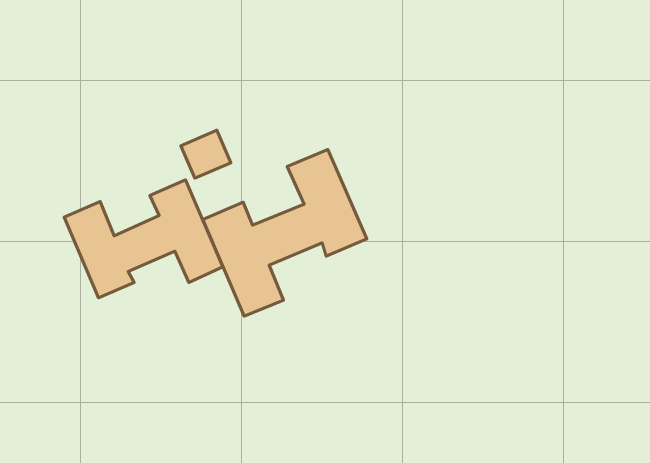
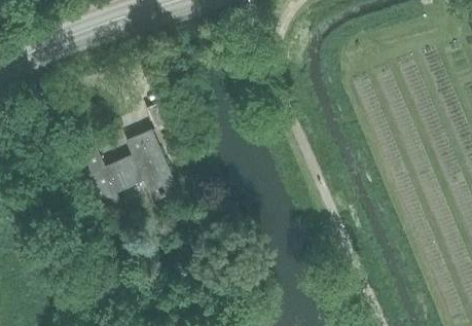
building: [203,149,367,316] -> none

